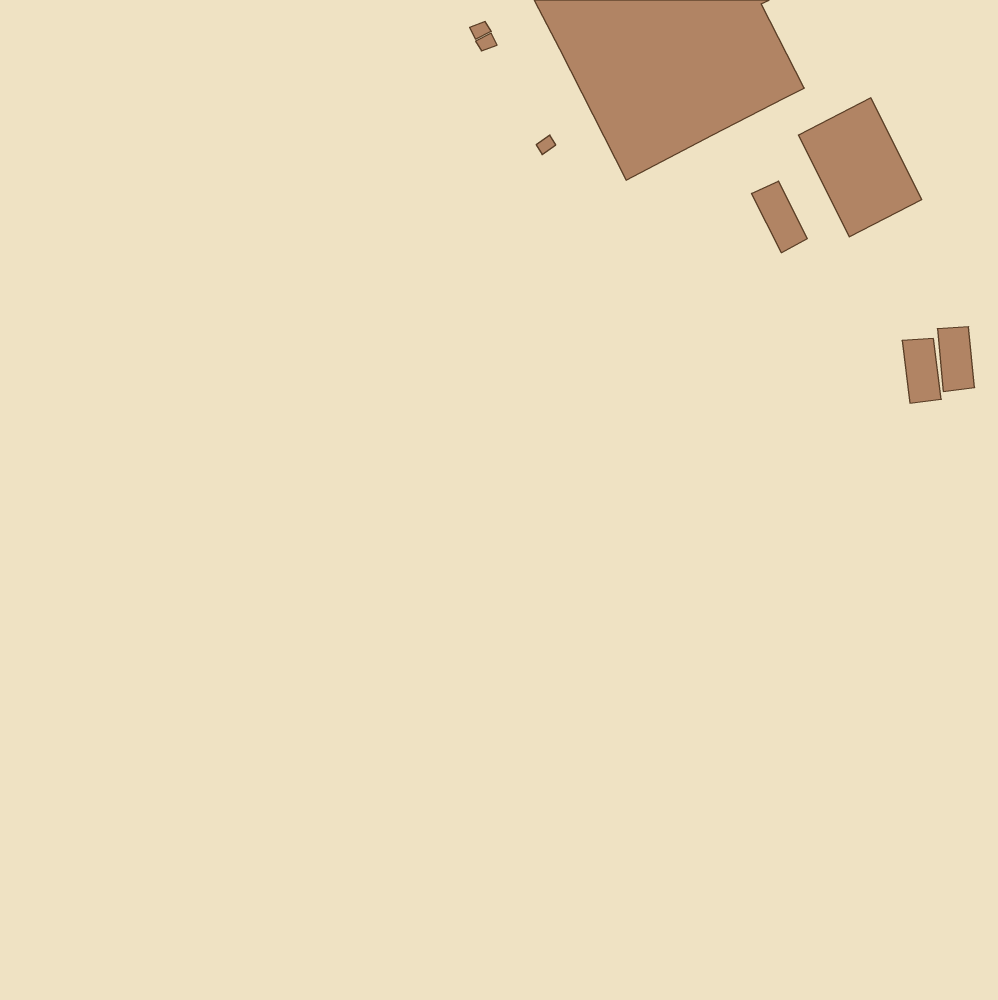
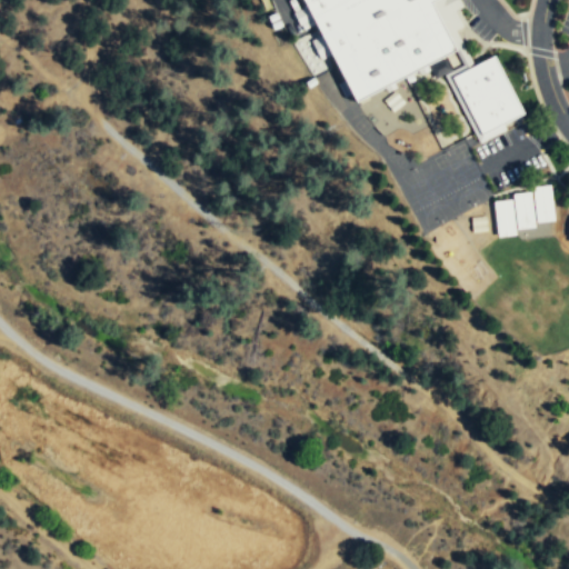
building: [752,181,807,253] -> none
building: none -> [495,199,517,237]

